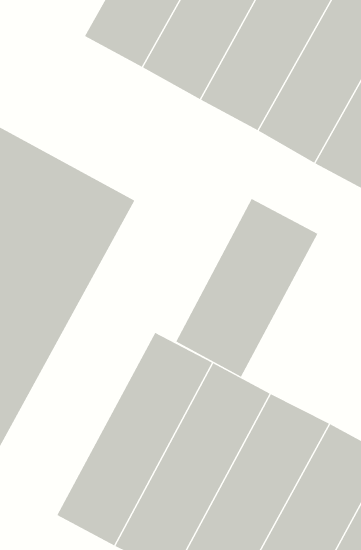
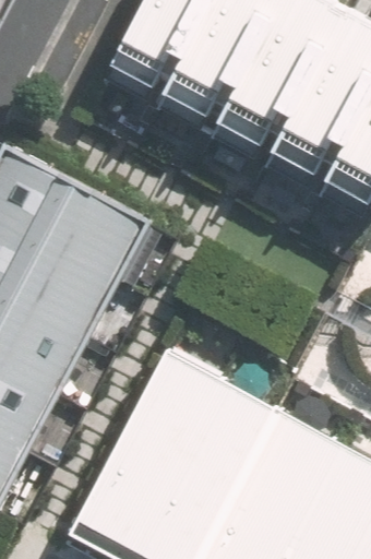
building: [175,198,318,378] -> none

